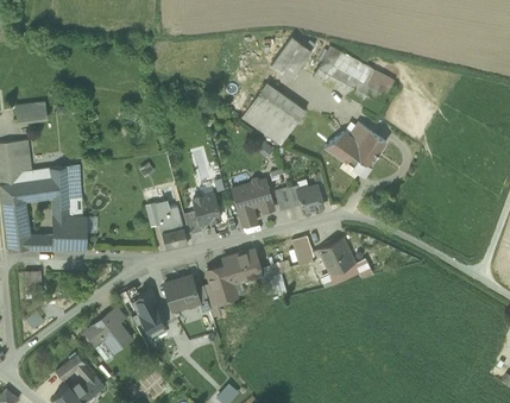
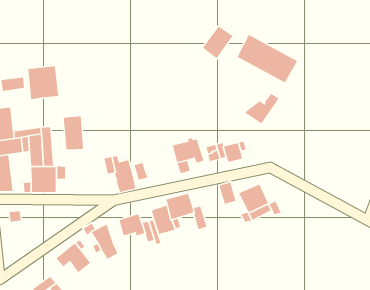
building: [241,82,304,145] -> none
building: none -> [27,65,59,100]
building: [346,130,385,175] -> none
building: none -> [63,115,84,150]
building: [193,194,220,225] -> none

